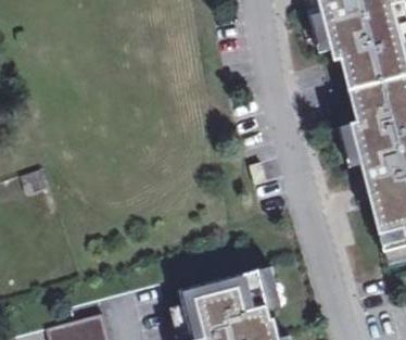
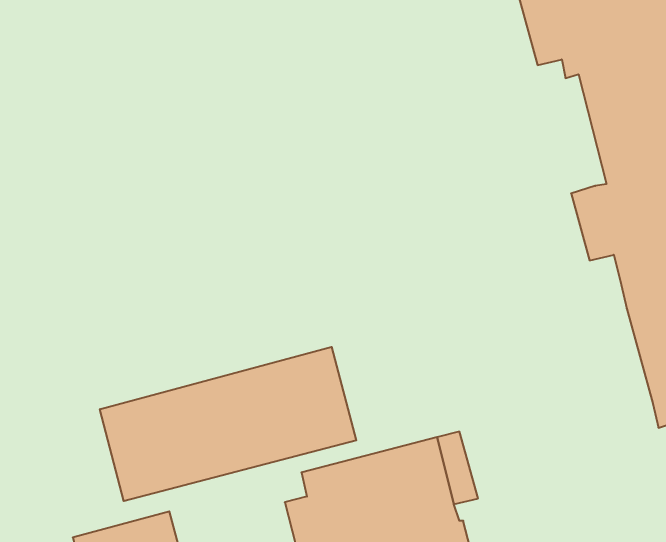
building: none -> [100,347,356,501]

